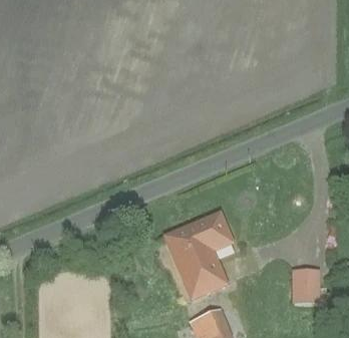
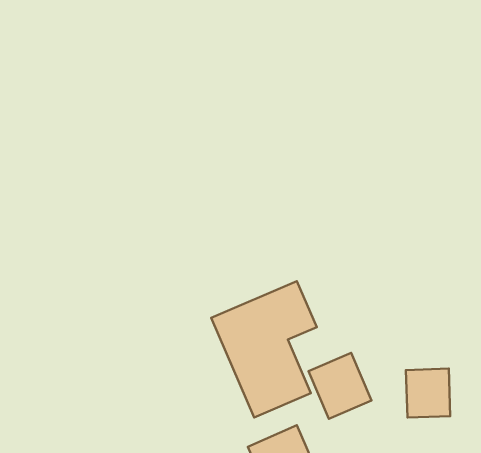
building: none -> [308,353,371,419]

